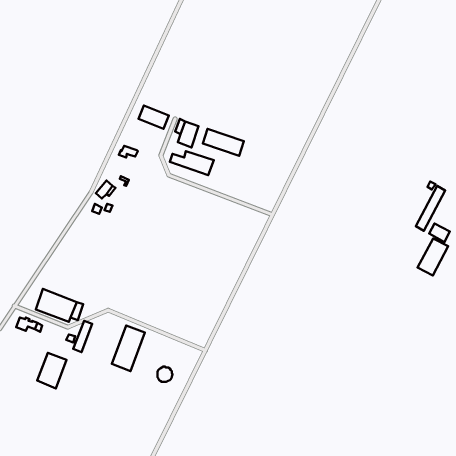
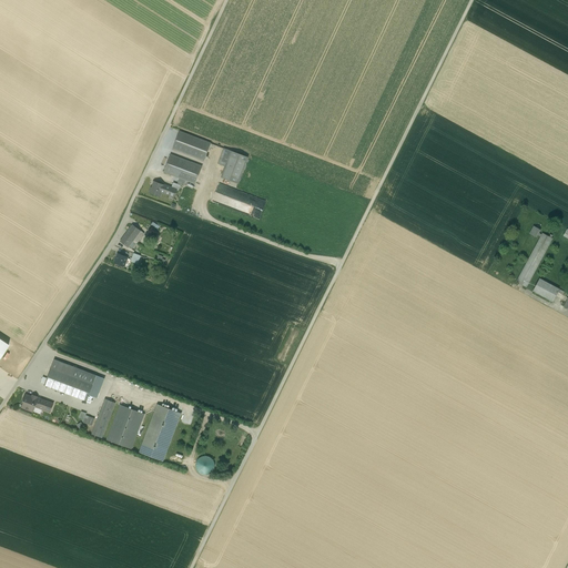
building: none -> [163,154,201,183]
building: [203,129,244,156] -> none
building: [418,238,448,276] -> none
building: [37,353,67,389] -> [106,404,143,448]

